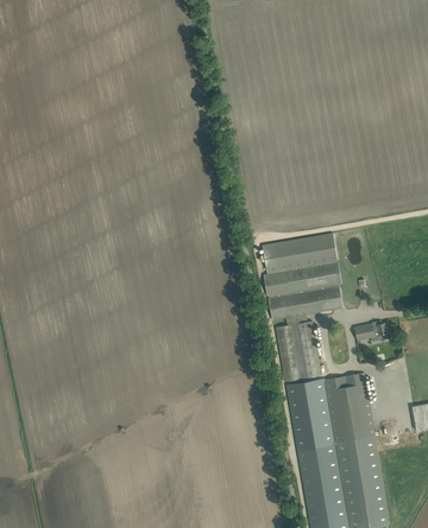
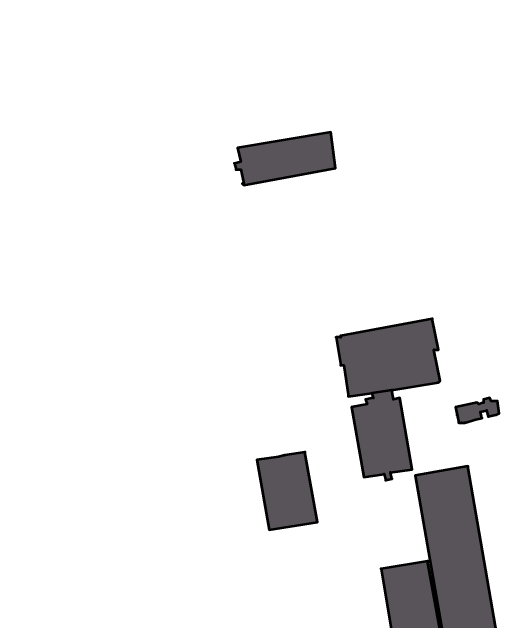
building: [258,233,335,273] -> [234,132,335,185]
building: [283,380,329,439] -> [257,452,317,530]

